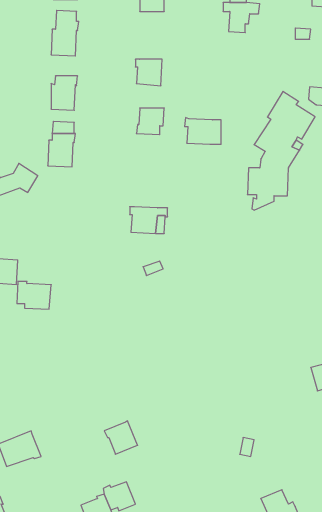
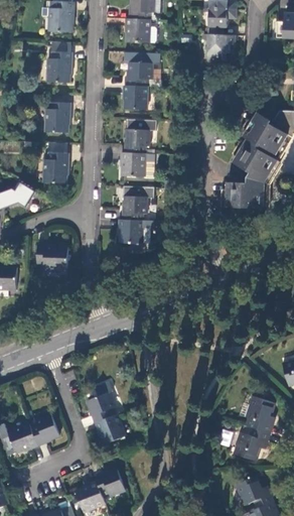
building: none -> [127,61,151,85]
building: [185,118,221,144] -> [120,151,153,175]
building: none -> [122,196,146,220]
building: [17,281,51,309] -> [36,244,67,269]
building: none -> [88,381,114,422]
building: none -> [235,396,274,461]
building: none -> [29,414,57,445]

